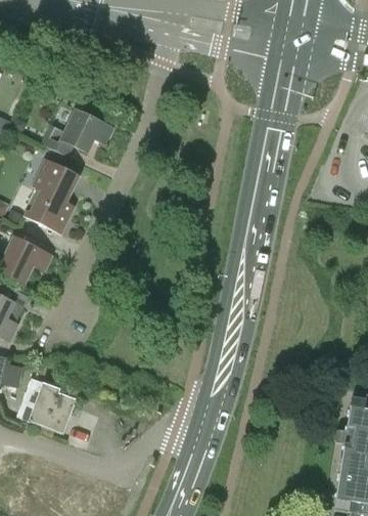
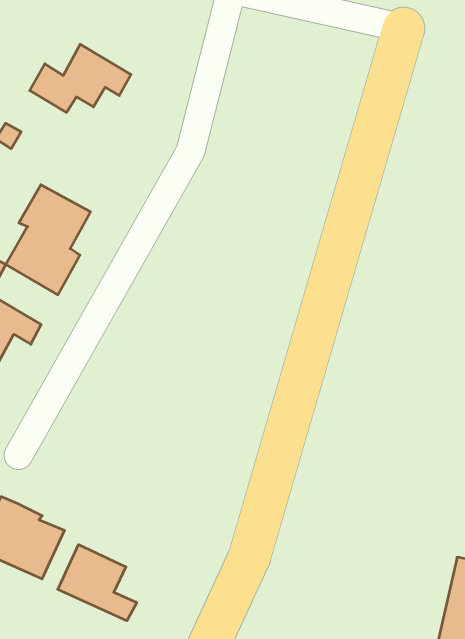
building: [42,110,111,158] -> [30,44,131,112]
building: none -> [58,545,137,621]

